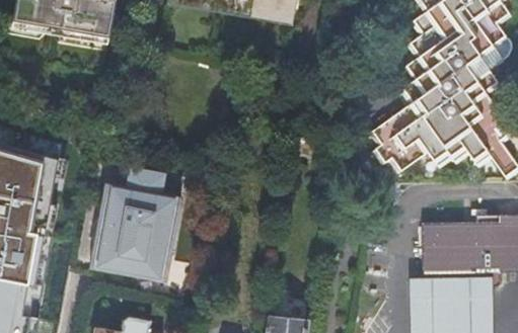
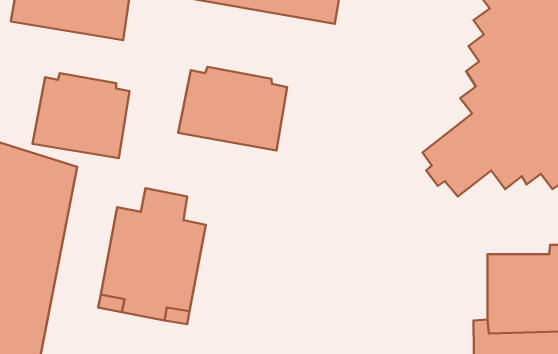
building: none -> [178,67,287,150]
building: none -> [33,73,130,158]

